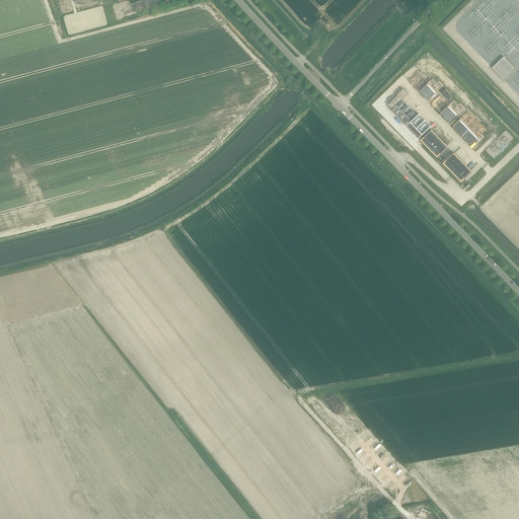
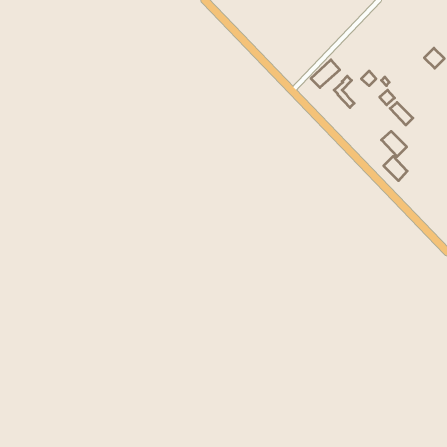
building: none -> [311,60,340,88]
building: [420,129,447,157] -> [384,156,407,181]

